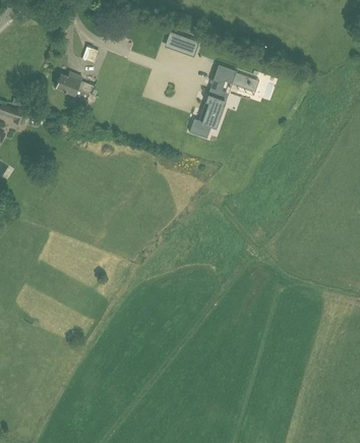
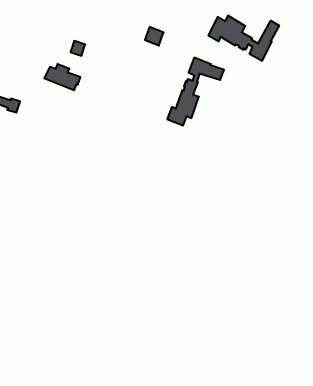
building: none -> [209,15,279,61]

